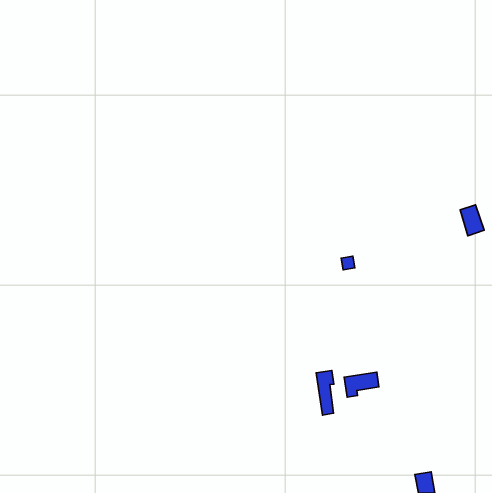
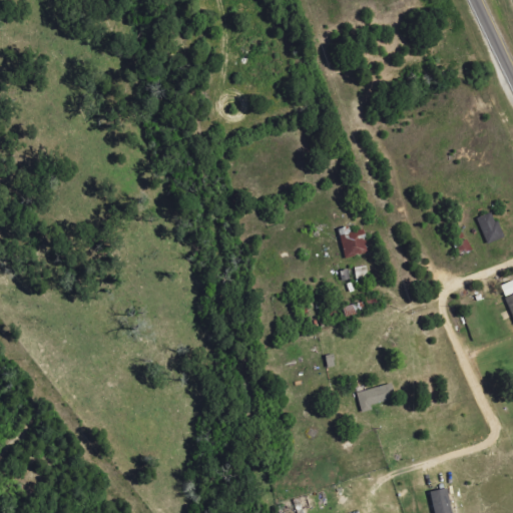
building: none -> [338,226,369,258]
building: [316,370,334,415] -> none

